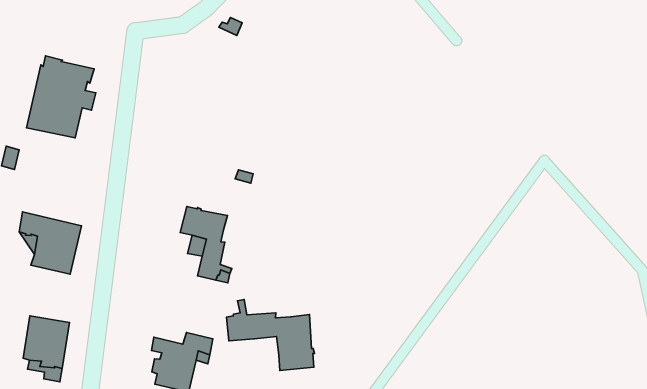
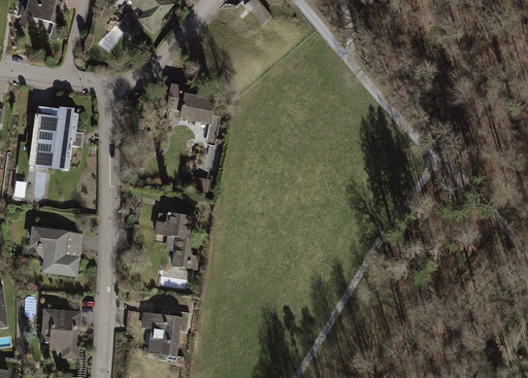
building: none -> [159,84,221,145]
building: [226,299,315,371] -> none

